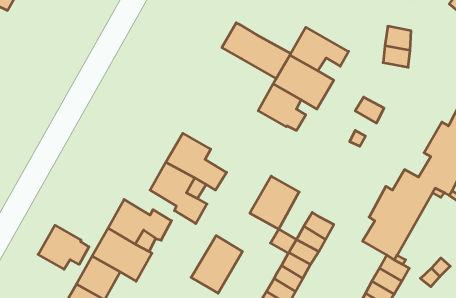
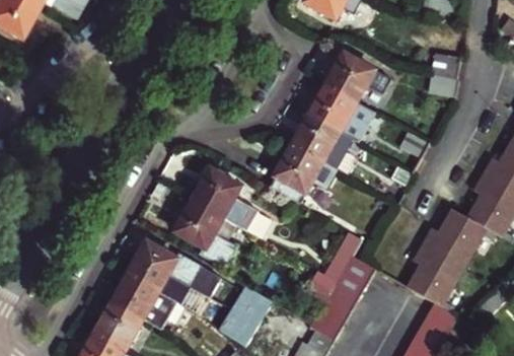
building: [222,23,291,79] -> none
building: [250,176,299,229] -> [269,144,322,202]
building: [38,225,89,269] -> none

